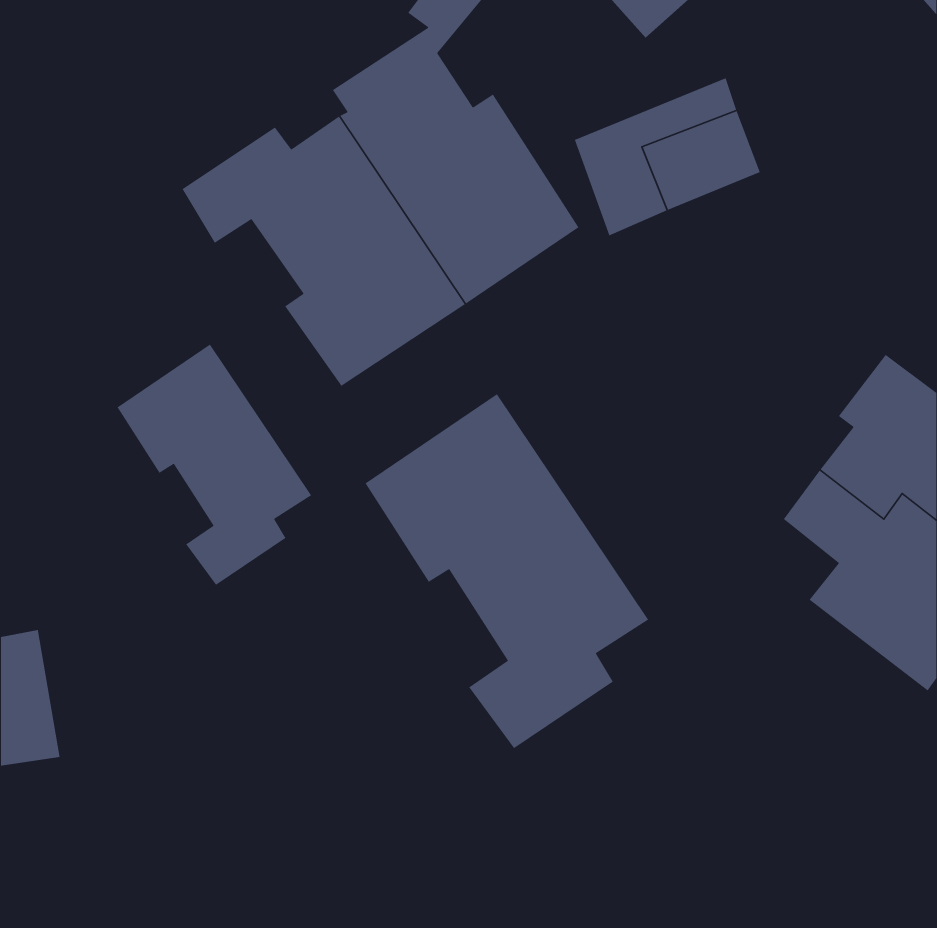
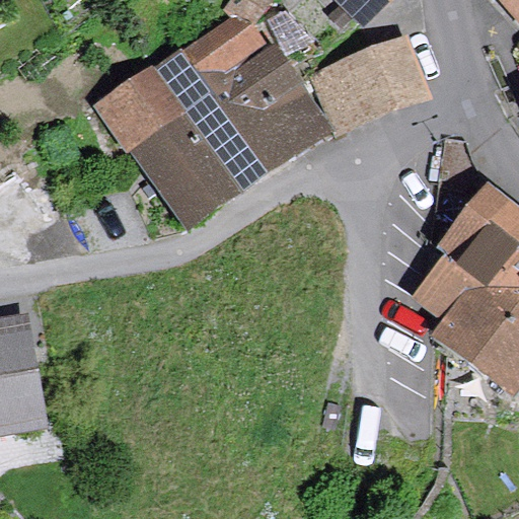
building: [117,343,312,586] -> none
building: [365,393,649,749] -> none

